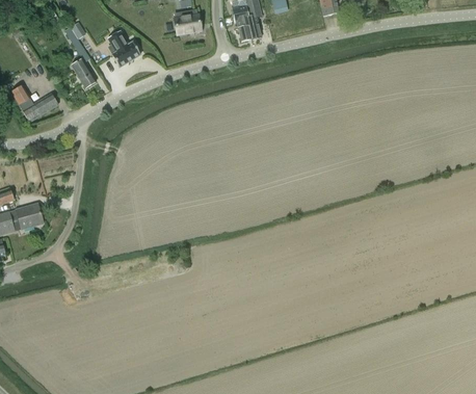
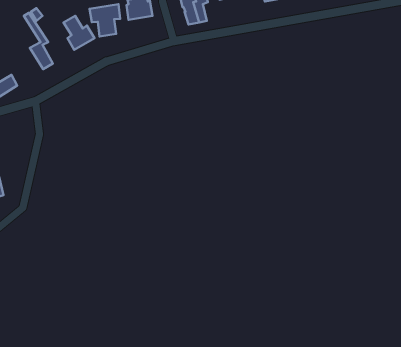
building: none -> [90,4,120,37]

